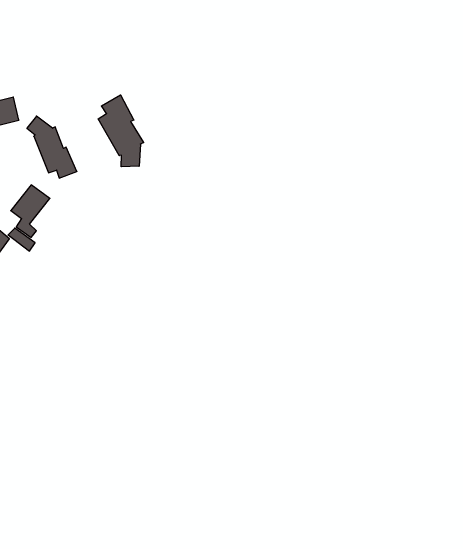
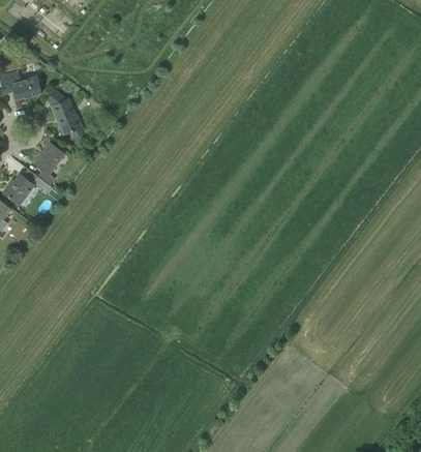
building: [98,95,144,167] -> none

